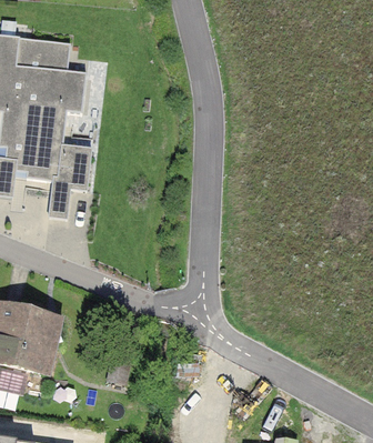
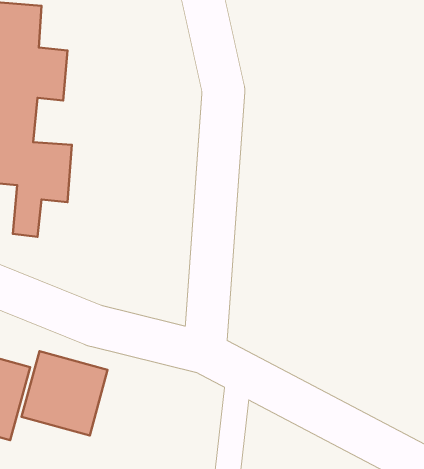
building: none -> [21,351,108,436]

